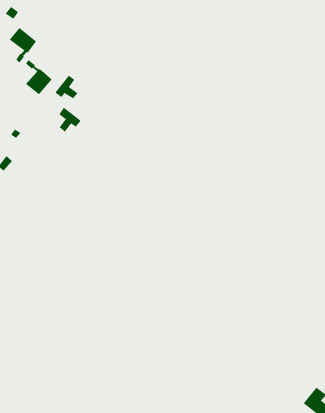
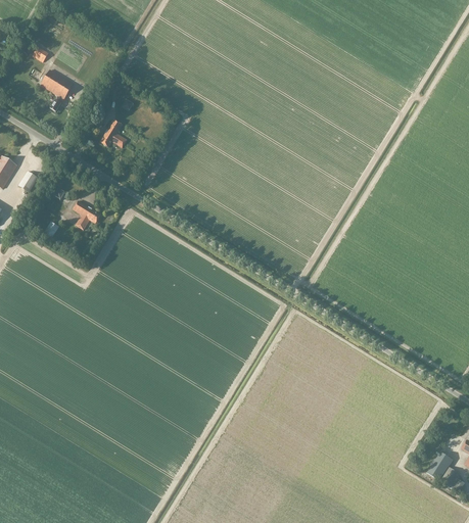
building: [25,59,53,95] -> none
building: [58,107,81,132] -> [74,199,101,229]

